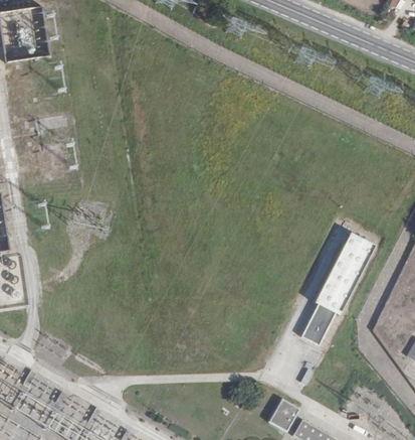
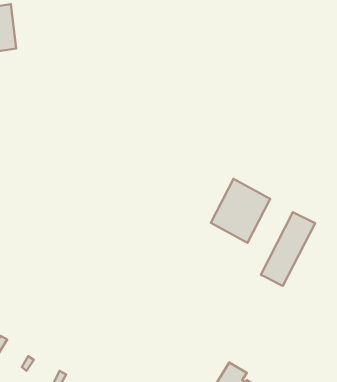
building: none -> [211,179,270,243]
building: [302,304,335,344] -> none

